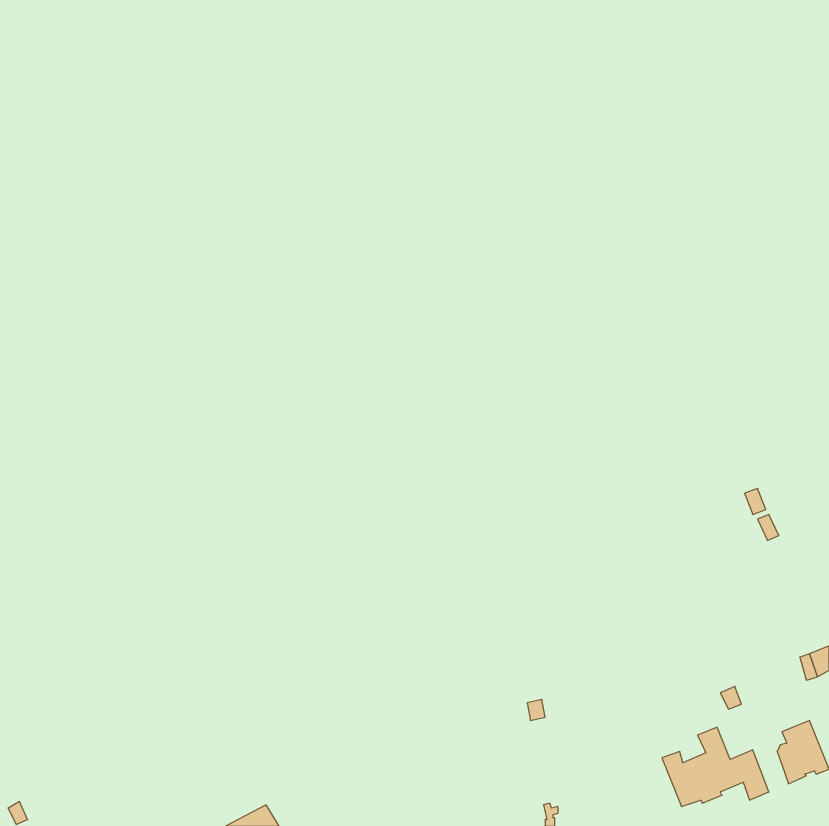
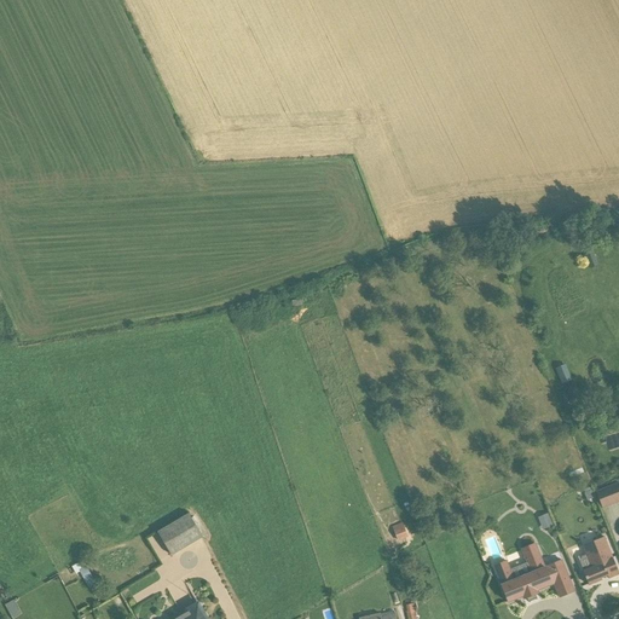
building: none -> [157,513,202,554]

